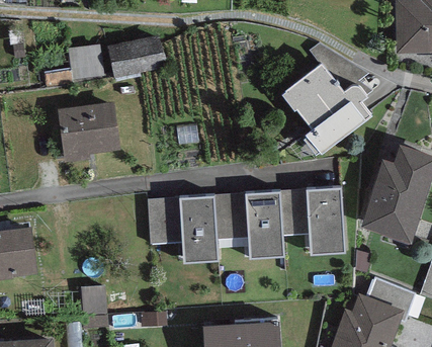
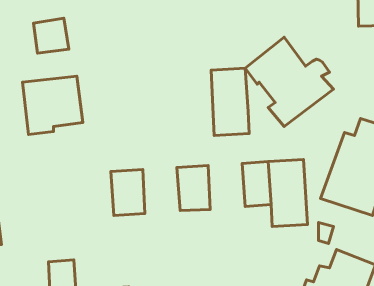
building: [107,32,167,78] -> none
building: [245,190,283,258] -> [211,68,249,135]
building: [179,194,218,262] -> none

